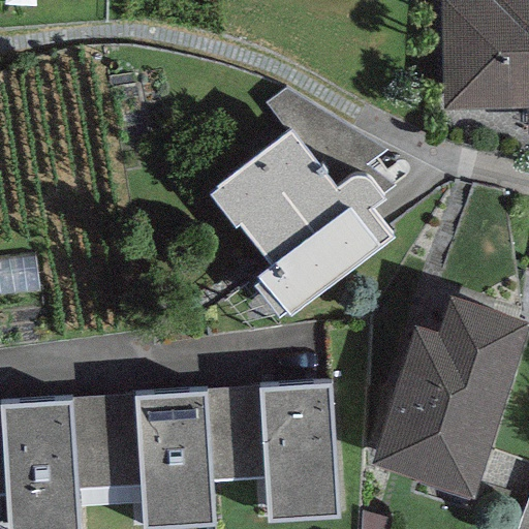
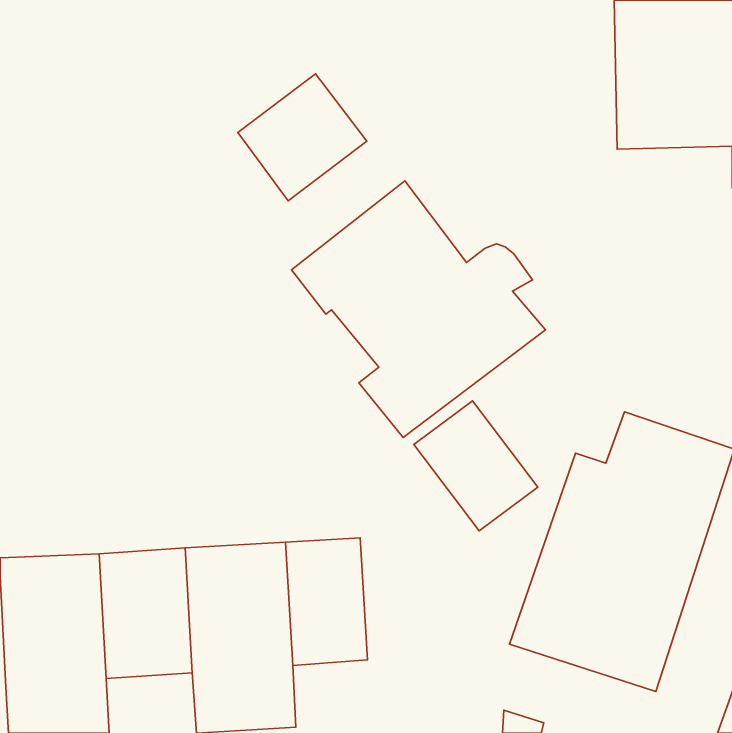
building: none -> [238,74,367,201]
building: none -> [414,401,538,531]
building: [260,383,340,521] -> none

